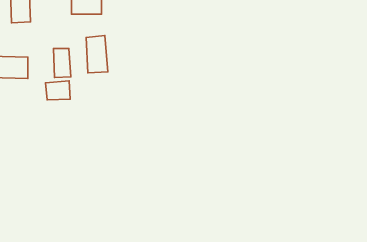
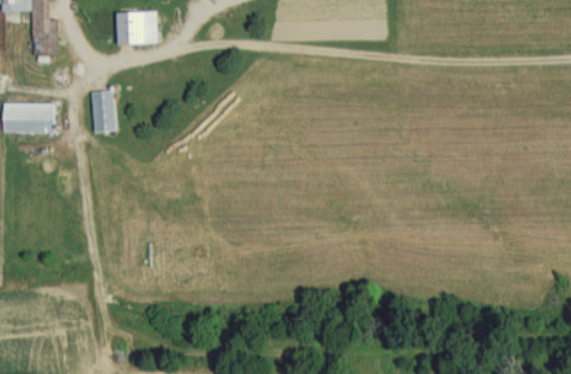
building: [86,36,108,73] -> none
building: [45,81,70,100] -> none

